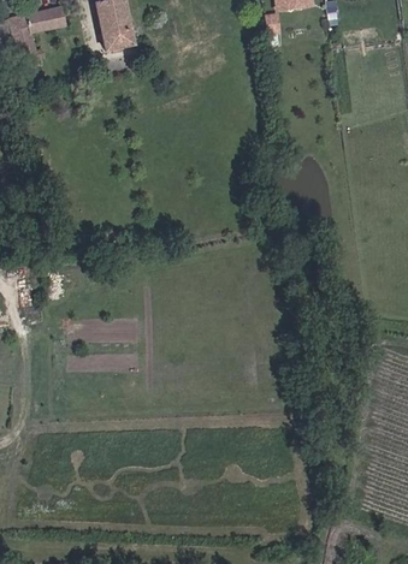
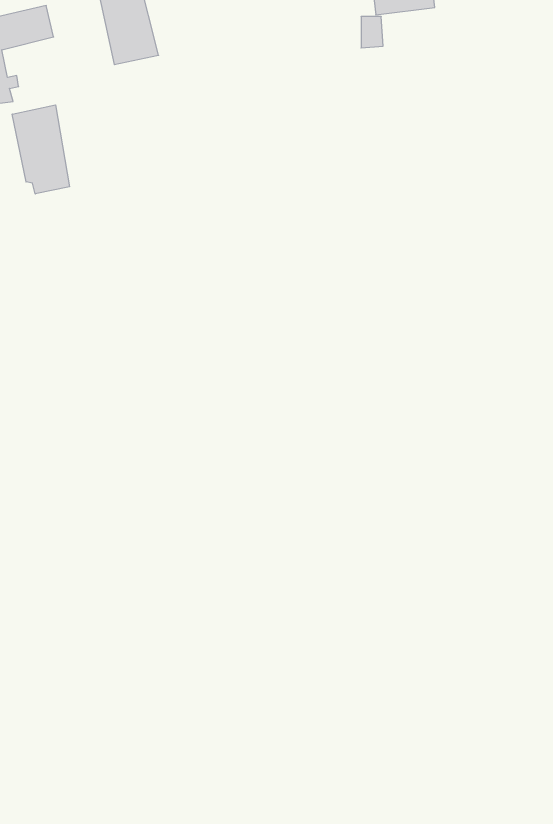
building: none -> [12,105,69,194]

